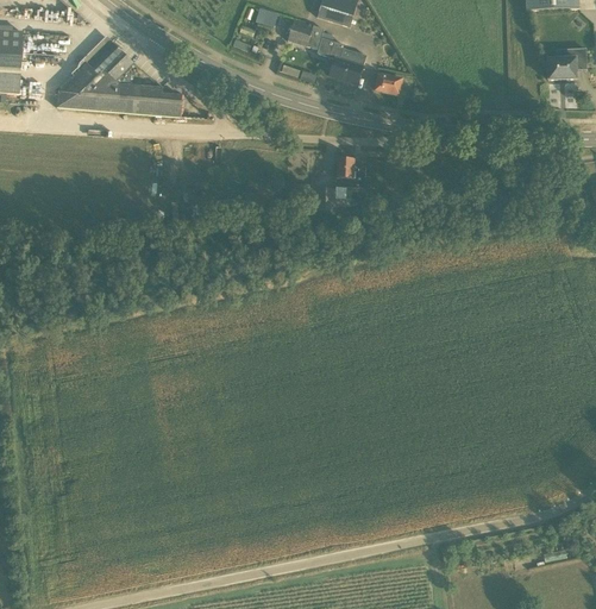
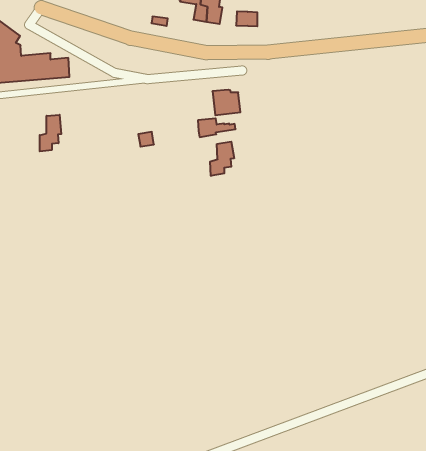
building: none -> [40,115,61,151]
building: none -> [210,142,234,176]

